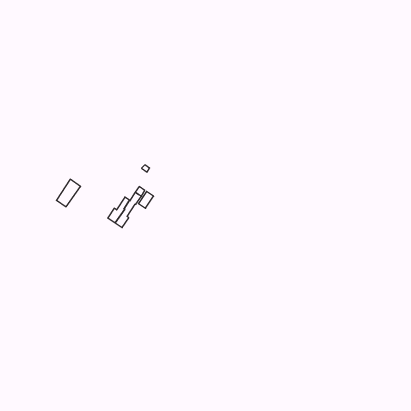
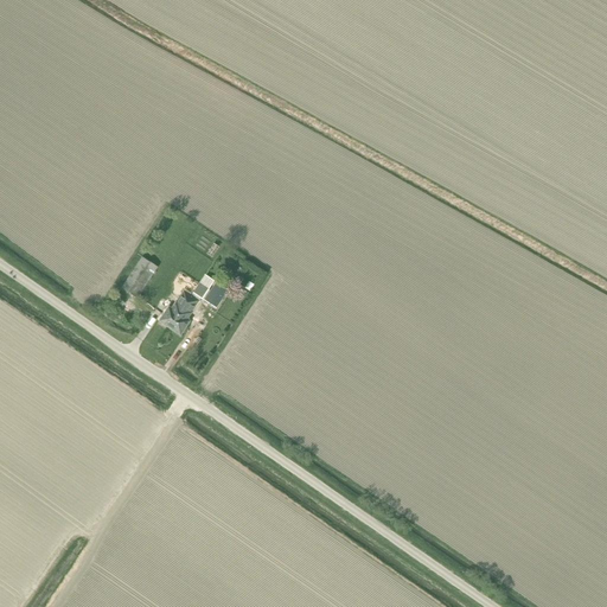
building: [56,179,81,207] -> [122,257,158,298]

